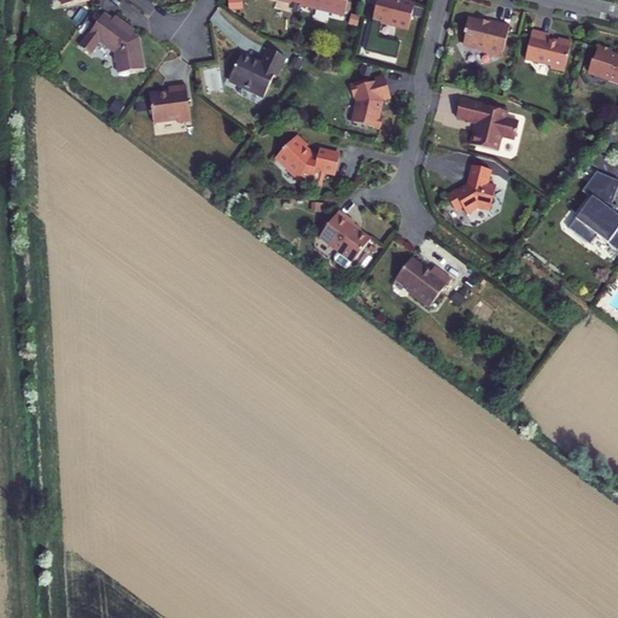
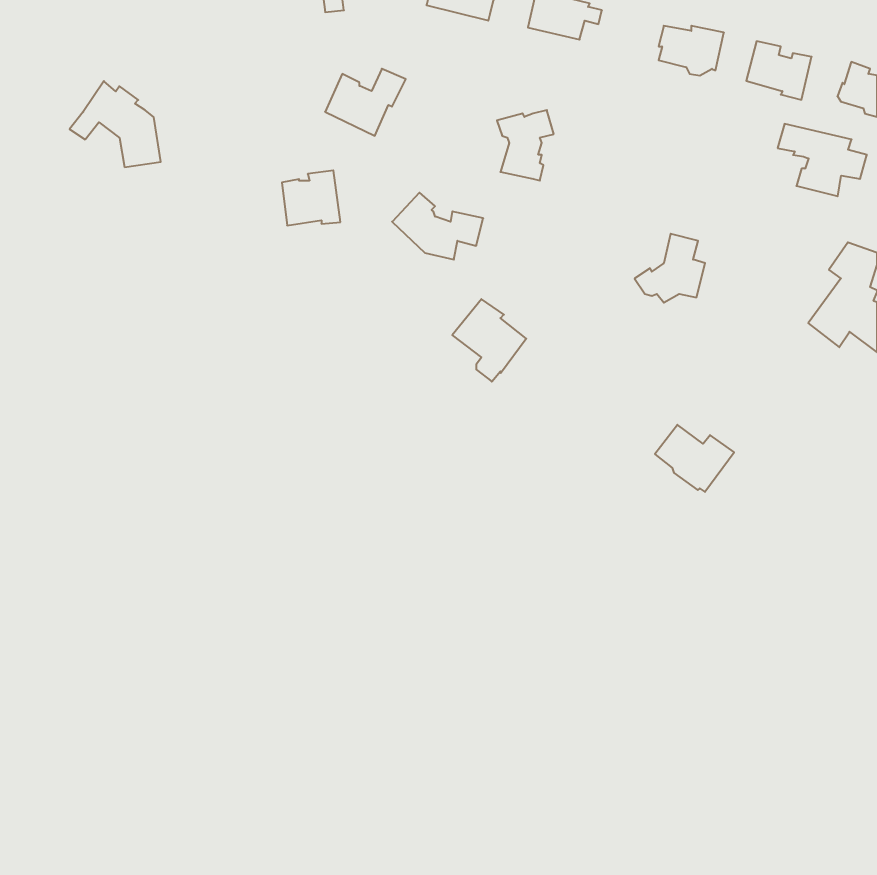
building: [78,11,142,71] -> [70,81,161,167]
building: [148,83,190,122] -> [282,170,340,225]
building: [455,99,518,150] -> [778,124,867,196]
building: [395,257,450,304] -> [655,425,734,492]

